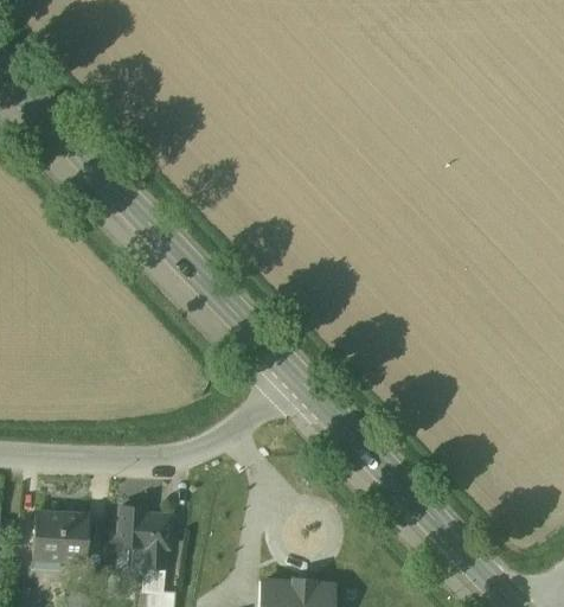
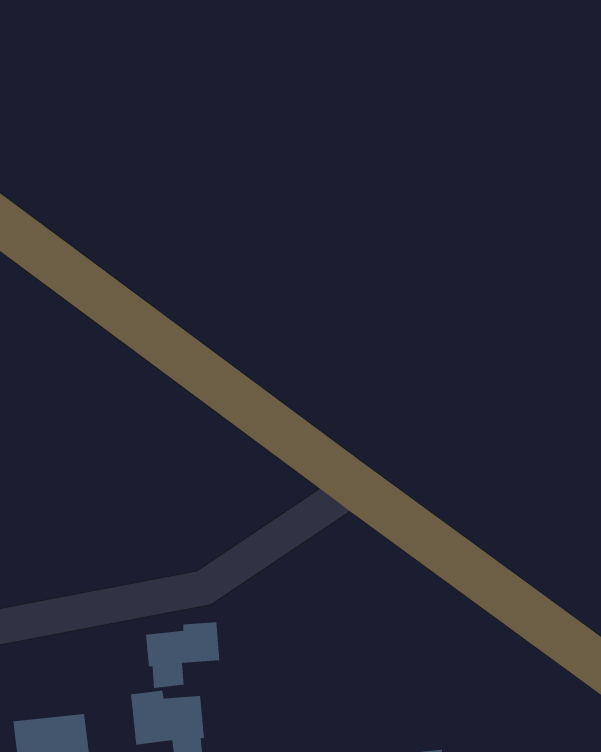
building: none -> [146,621,220,689]

